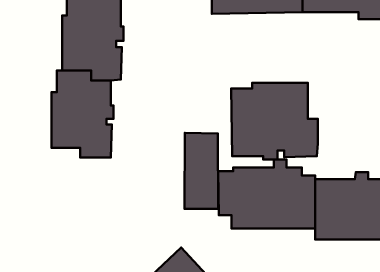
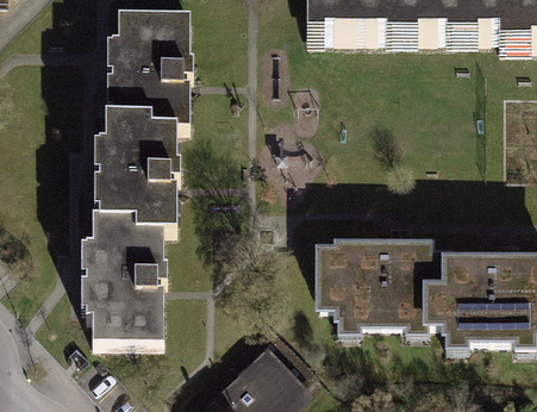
building: [231,83,318,159] -> none
building: [184,133,218,209] -> none
building: none -> [85,212,166,338]

